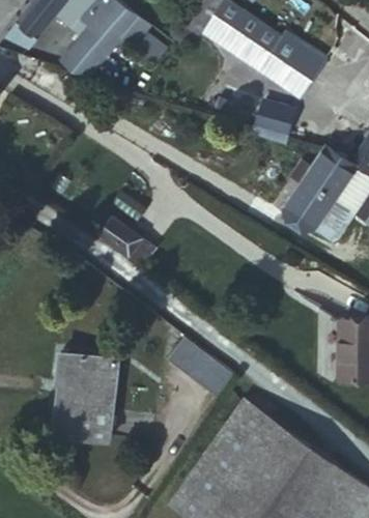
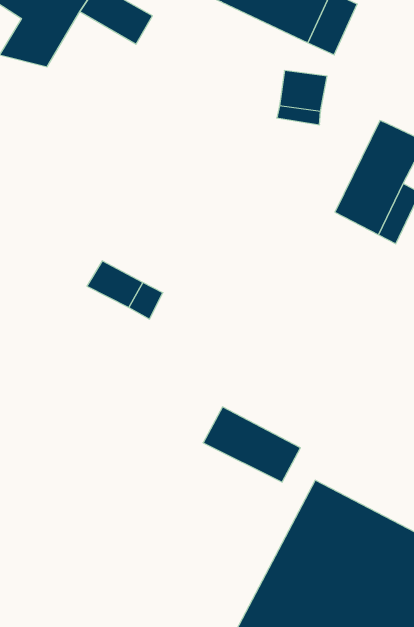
building: [57,353,117,440] -> none

